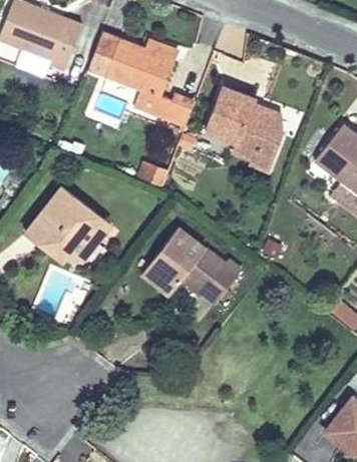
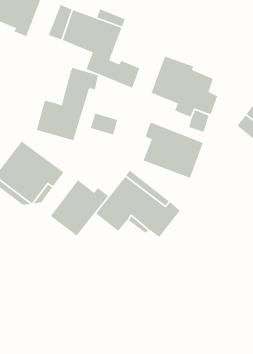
building: none -> [36,67,99,141]
building: none -> [142,121,204,179]
building: none -> [50,179,109,237]

